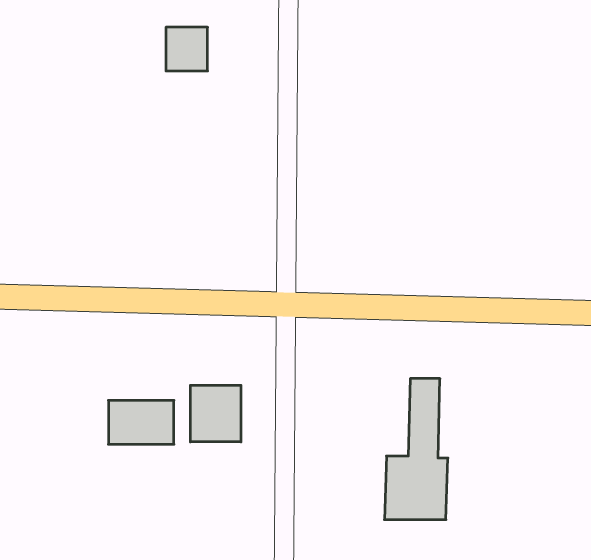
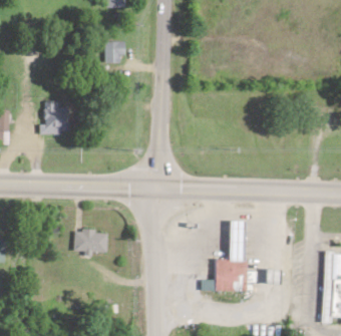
building: none -> [45,101,64,132]
building: [190,385,241,442] -> none

